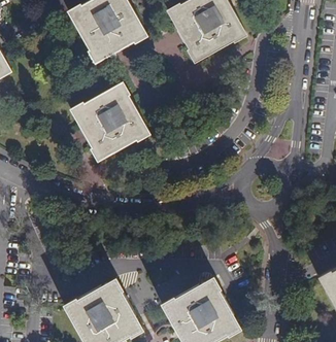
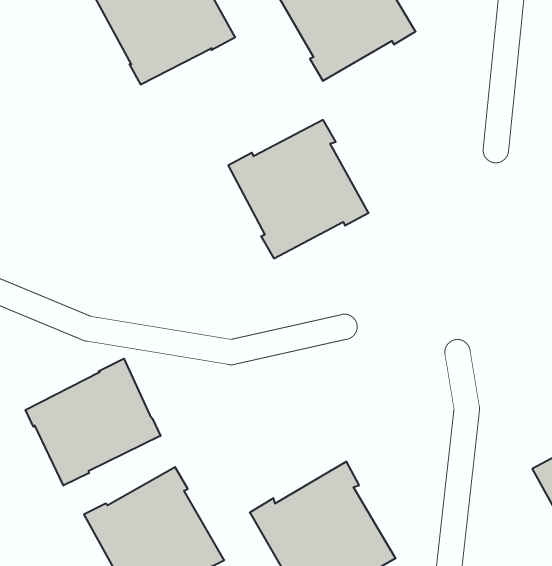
building: [68,81,147,160] -> [228,120,369,258]
building: none -> [26,359,161,486]

